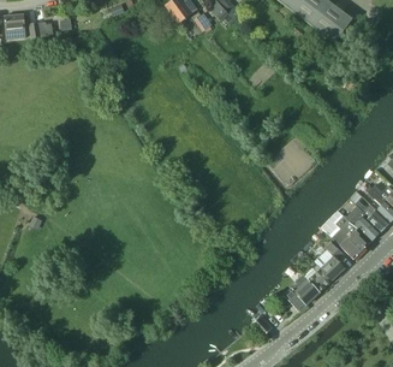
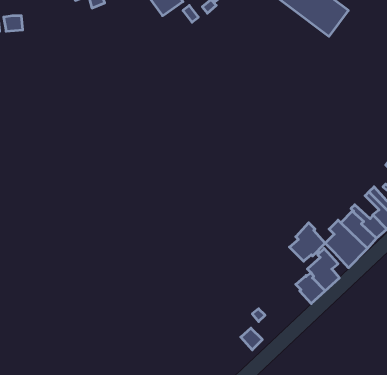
building: [284,273,317,309] -> [289,223,325,261]

